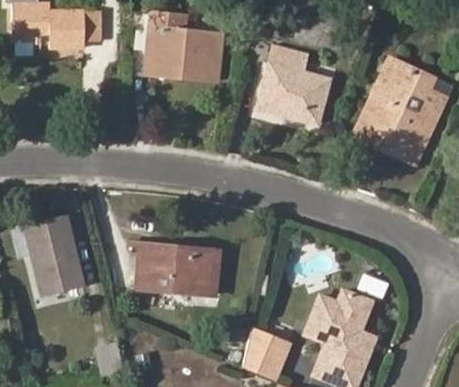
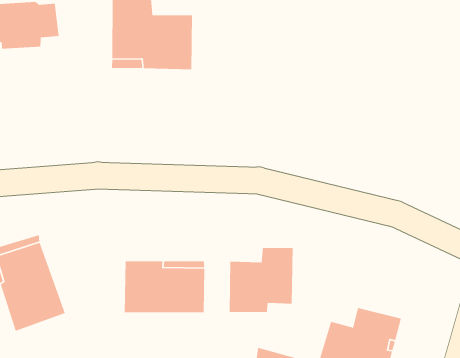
building: [256,45,330,124] -> none
building: [359,61,441,159] -> none
building: none -> [229,247,293,313]

